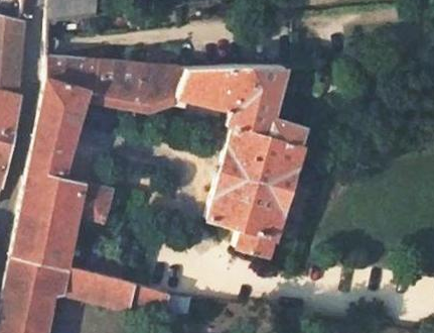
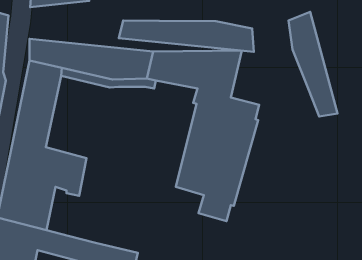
building: none -> [288,12,337,116]
building: none -> [119,20,254,52]

